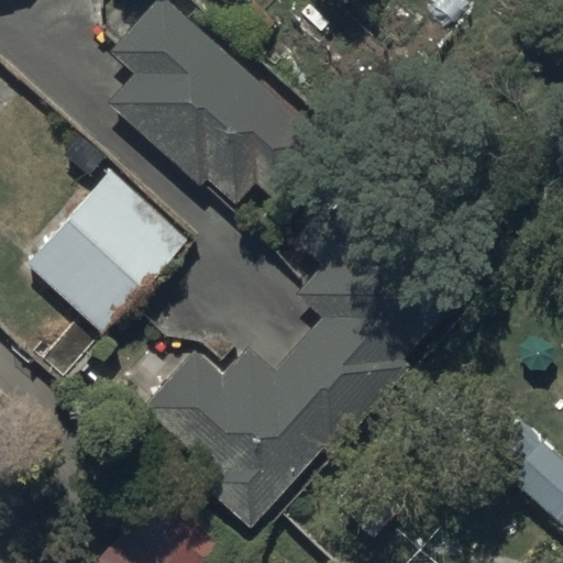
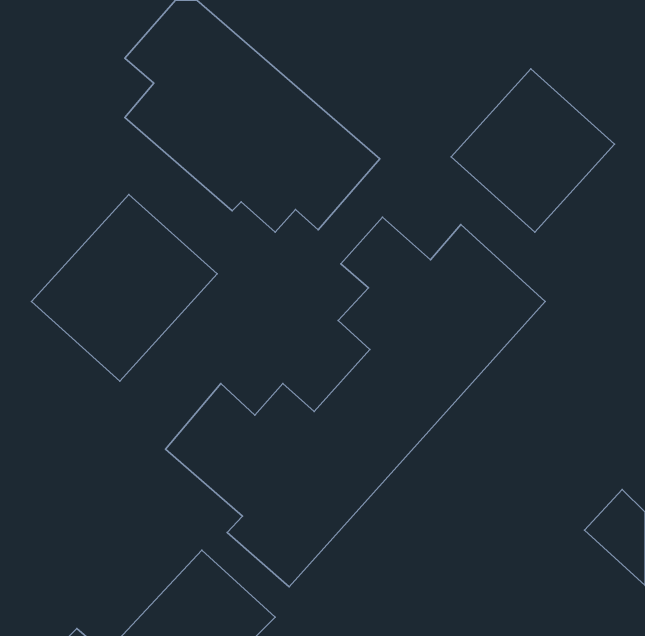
building: none -> [451,69,615,232]

